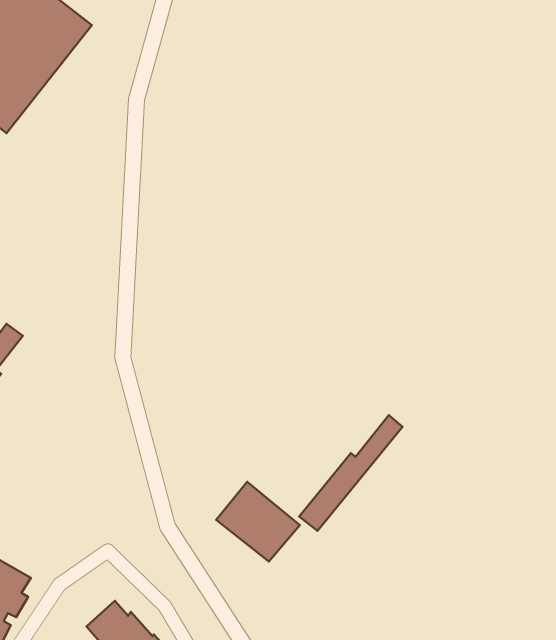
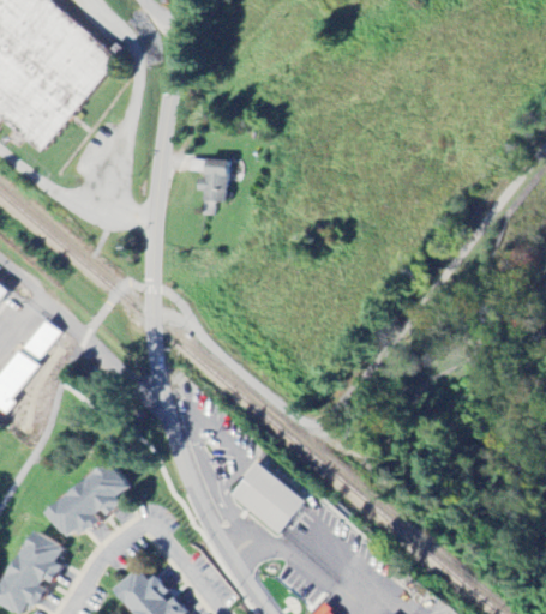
building: none -> [191,158,224,203]
building: [299,415,403,531] -> none
building: none -> [46,460,128,537]

